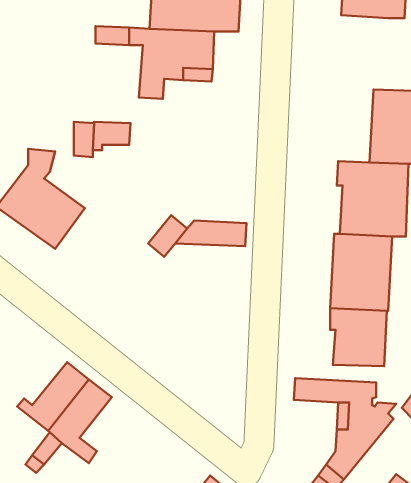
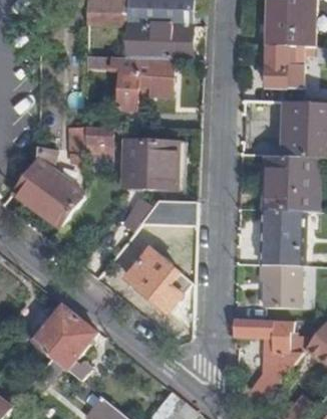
building: none -> [267,47,303,89]
building: none -> [123,142,179,189]
building: none -> [124,247,184,310]

